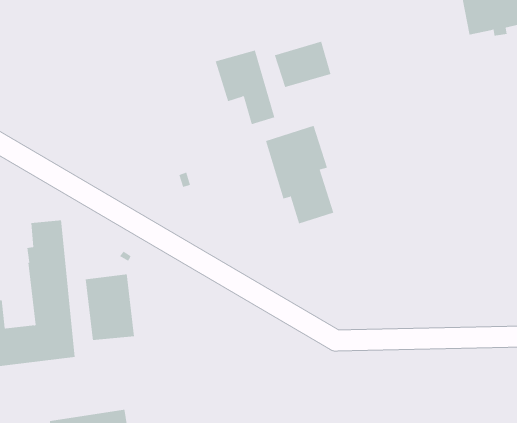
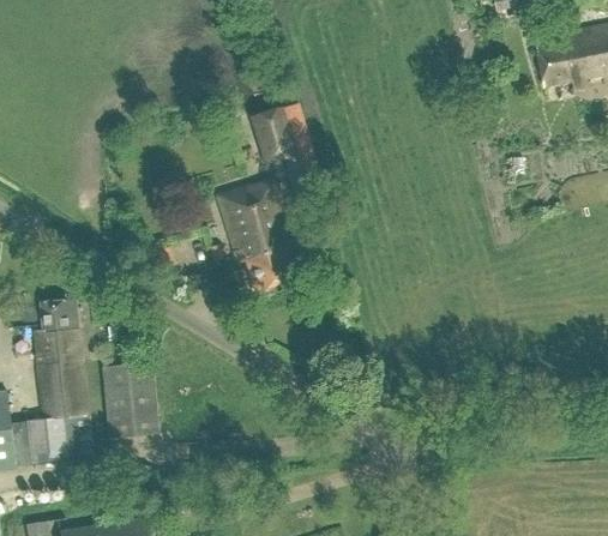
building: [274,41,331,88] -> none
building: [265,125,334,224] -> [216,179,295,293]

